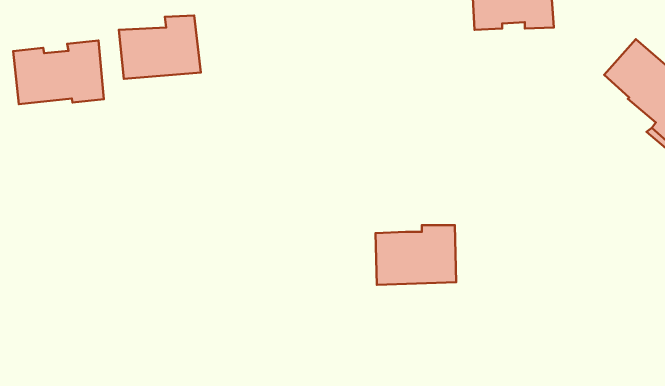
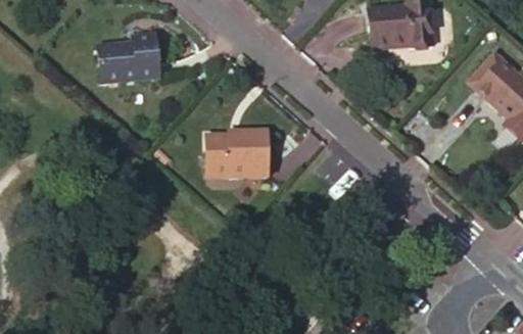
building: [13,40,104,104] -> none
building: [375,225,456,285] -> [206,129,269,175]

